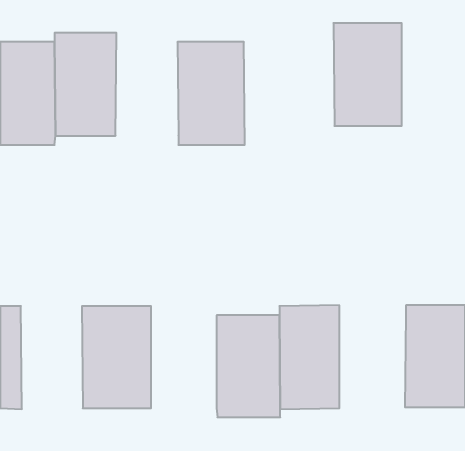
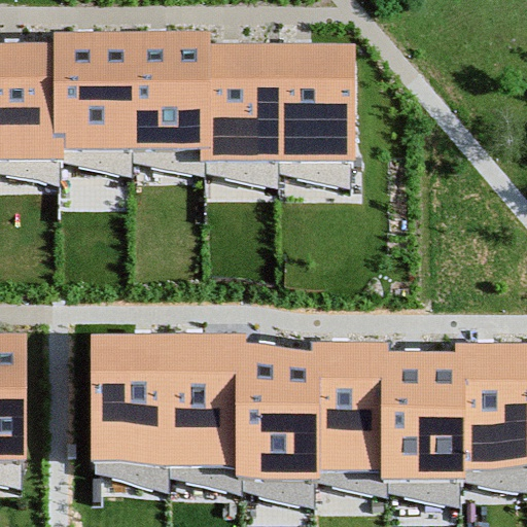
building: [333,23,402,126] -> [276,47,353,164]
building: none -> [131,37,202,153]
building: none -> [171,346,245,461]
building: none -> [384,355,459,471]

